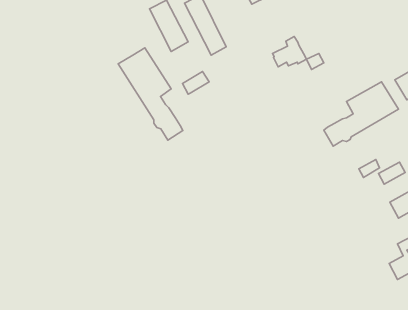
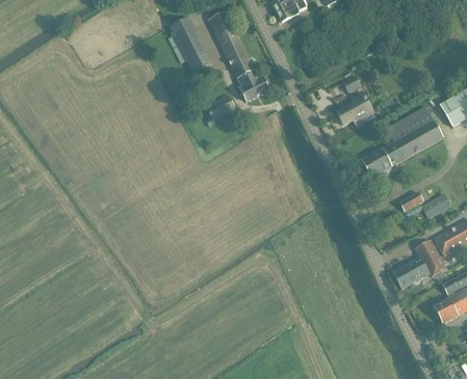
building: [272,37,306,67] -> [337,92,374,126]
building: none -> [237,69,269,102]
building: [118,48,183,140] -> none
building: none -> [392,241,445,290]

